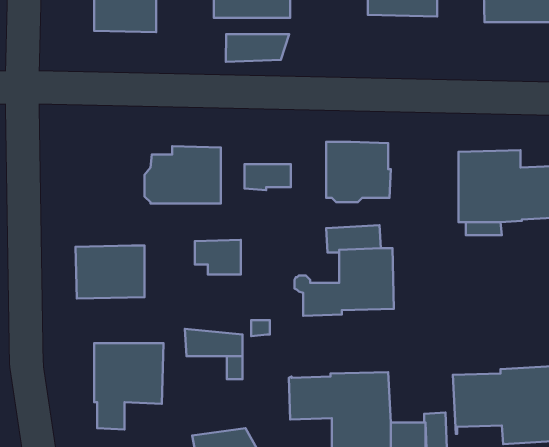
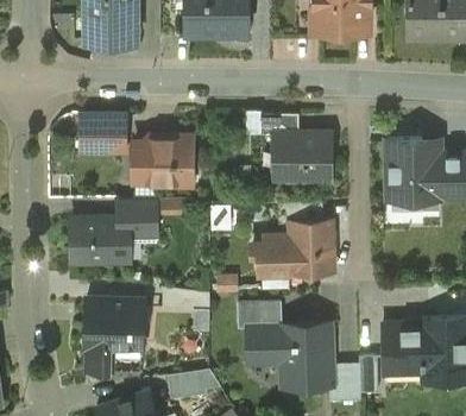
building: [226,34,289,62] -> none
building: none -> [81,114,125,155]
building: [245,164,291,190] -> [260,115,298,137]
building: [195,240,241,274] -> [118,200,156,228]
building: none -> [238,304,282,329]

